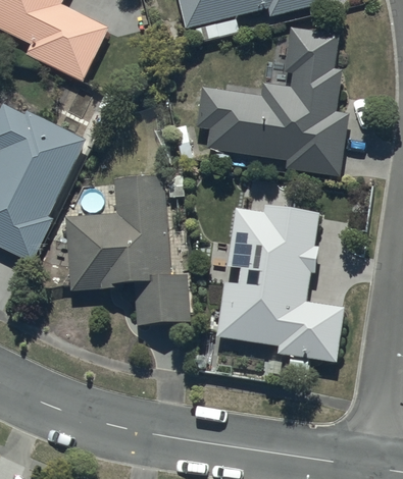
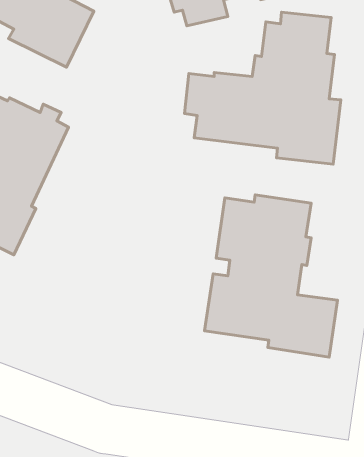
building: [65,174,191,323] -> none

